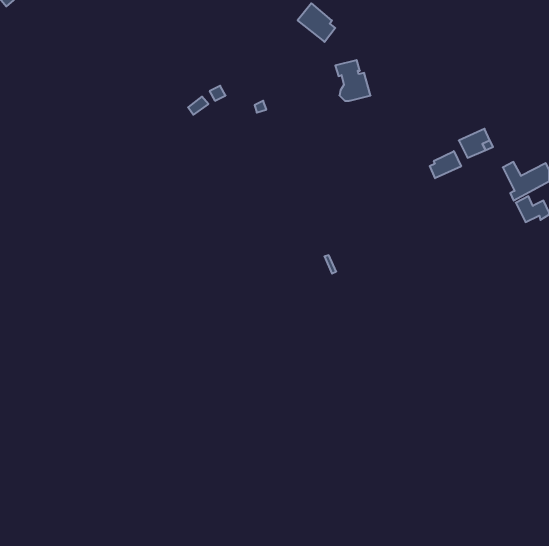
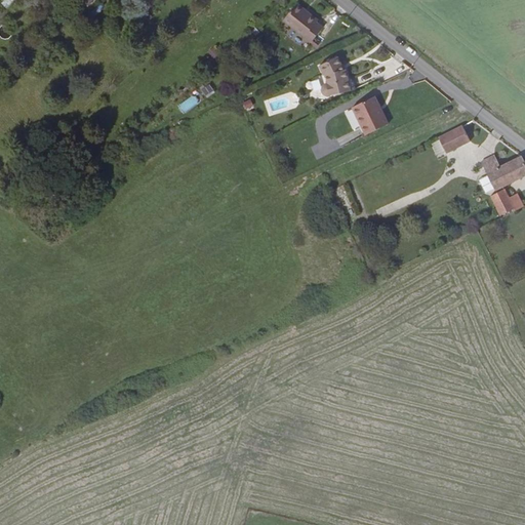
building: none -> [353,95,389,132]
building: [430,151,461,178] -> none

